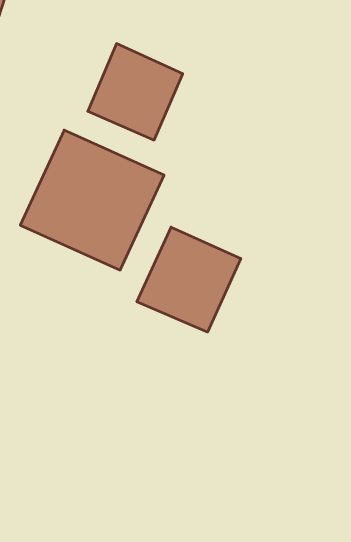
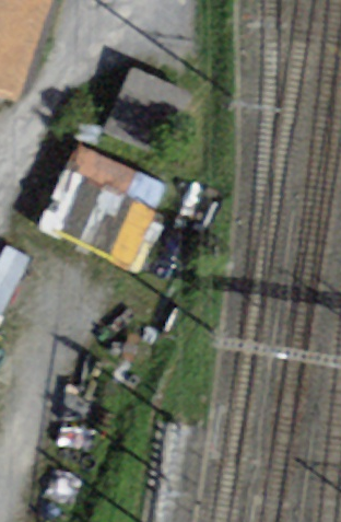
building: [137,227,241,332] -> none

